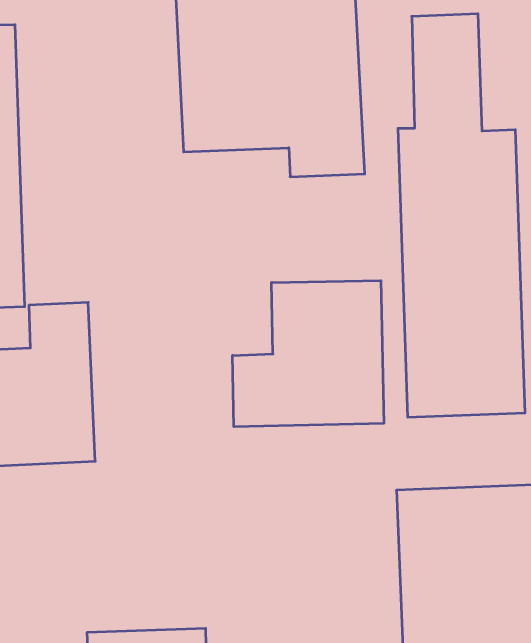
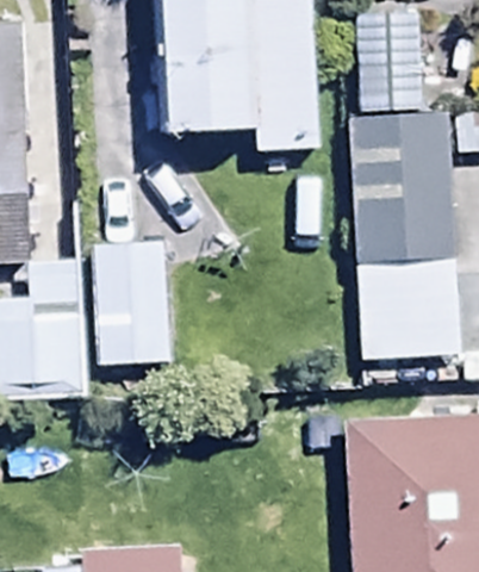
building: none -> [94,241,172,366]
building: [233,281,384,427] -> none

